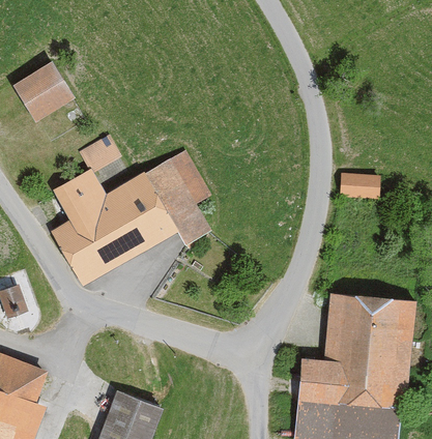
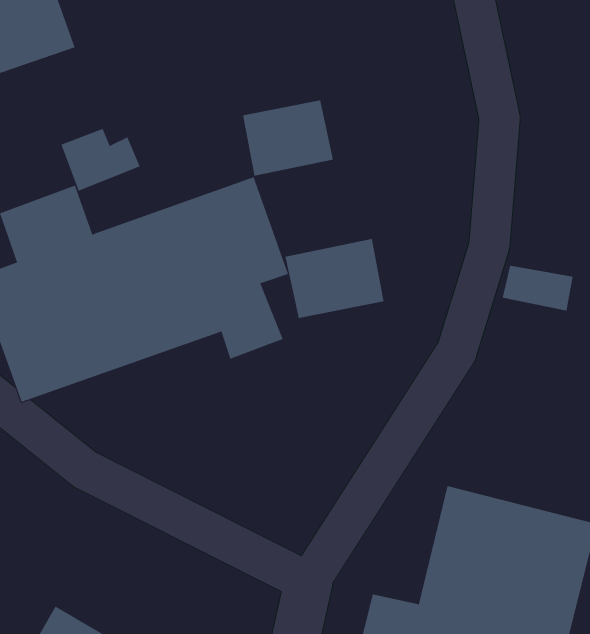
building: none -> [243,99,333,177]
building: none -> [285,238,384,319]

